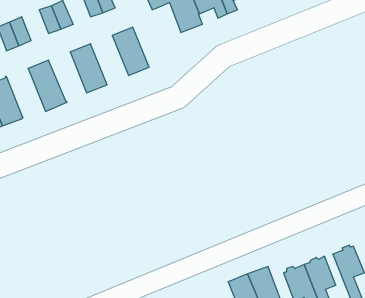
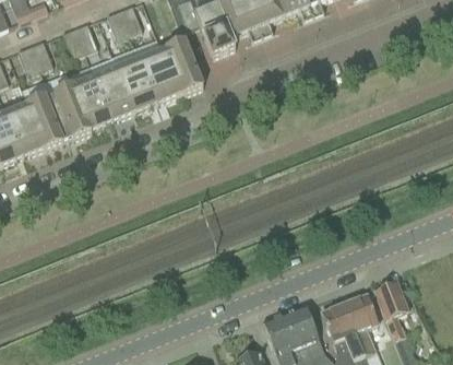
building: none -> [160,40,202,94]
building: none -> [116,59,156,111]
building: none -> [71,76,111,129]
building: none -> [26,94,68,150]

